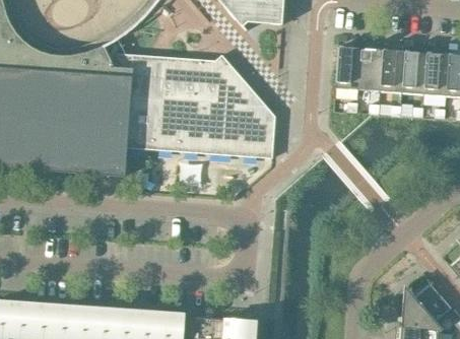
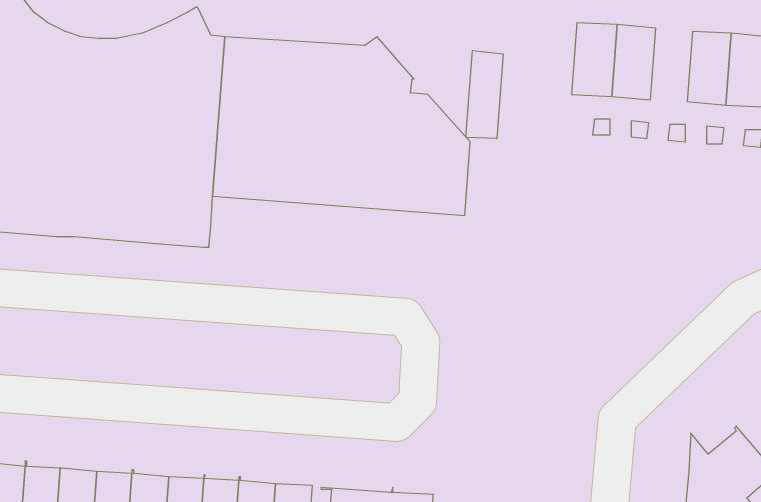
building: [381,50,405,92] -> none
building: none -> [466,51,503,139]

